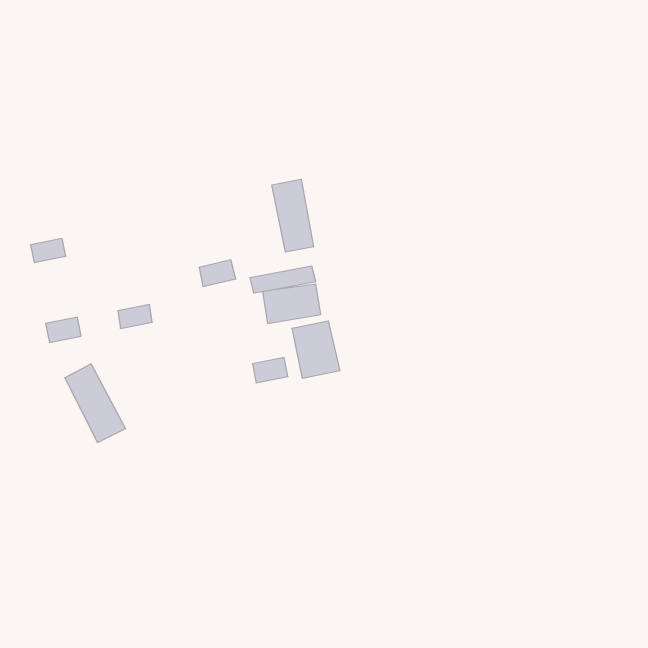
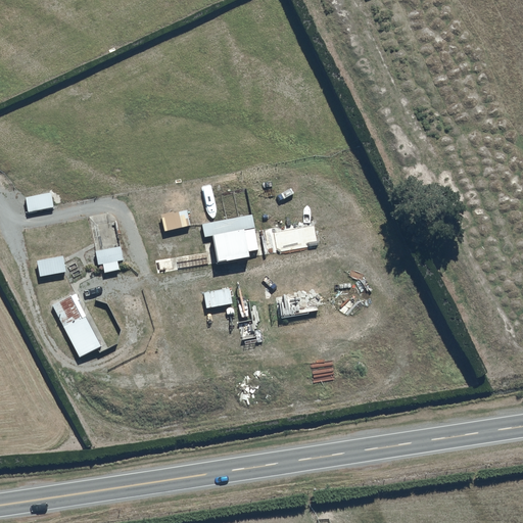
building: [272,179,314,252] -> none
building: [292,321,340,378] -> none

